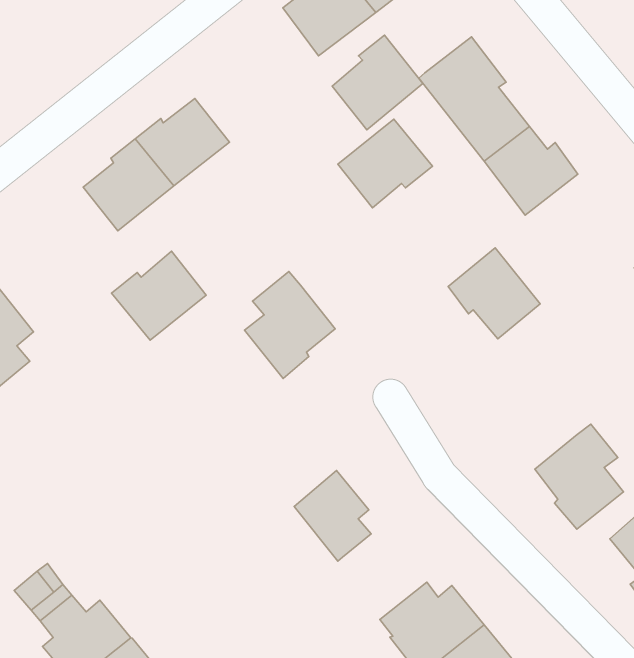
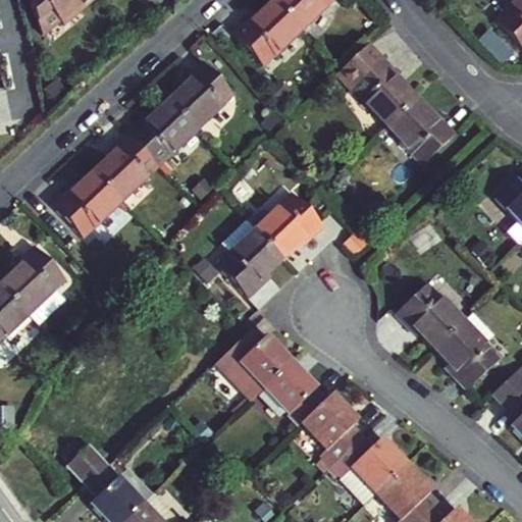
building: [332,35,423,130] -> [170,60,236,129]
building: [338,119,433,208] -> [257,193,325,258]
building: [448,248,540,339] -> [398,282,465,348]
building: [112,251,206,340] -> [54,170,122,236]
building: none -> [217,329,294,400]
building: none -> [303,393,365,465]

